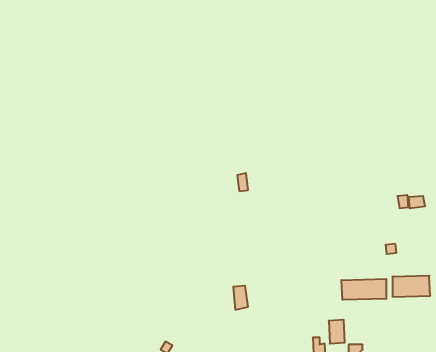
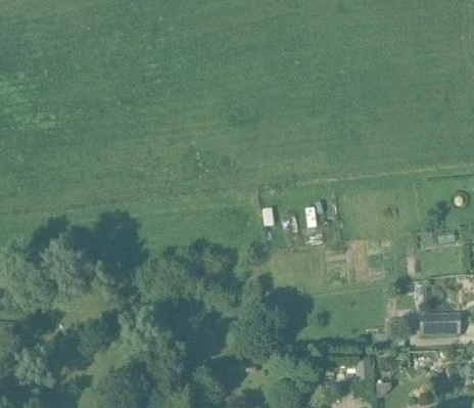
building: [341,279,386,300] -> none

